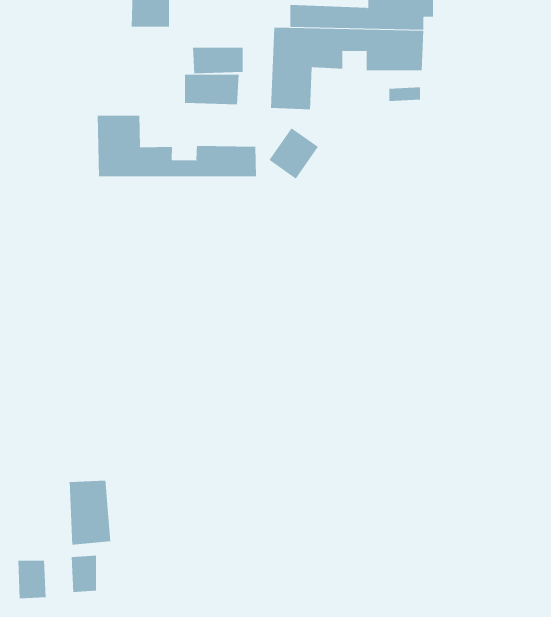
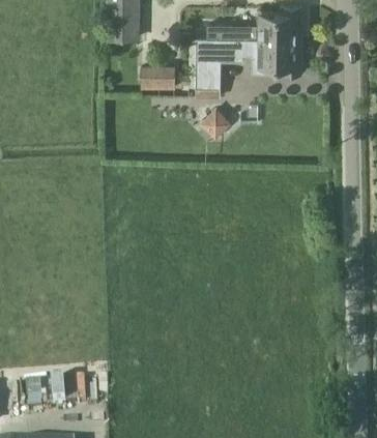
building: [192,47,243,74] -> none
building: [97,115,257,177] -> none
building: [69,480,111,546] -> none

